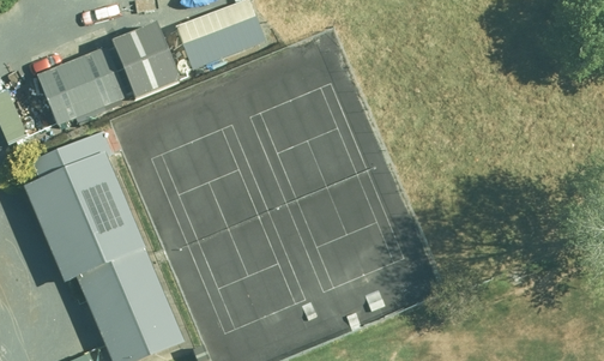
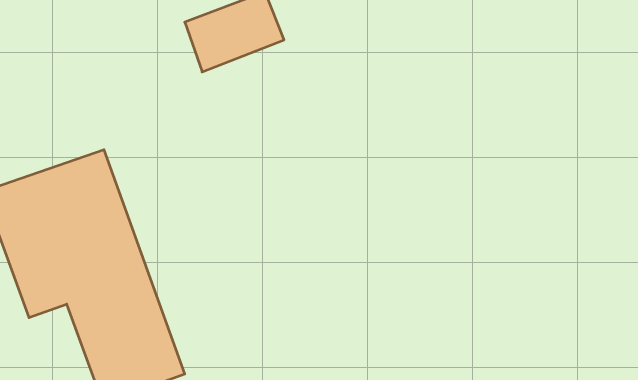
building: [40,26,177,124] -> none

